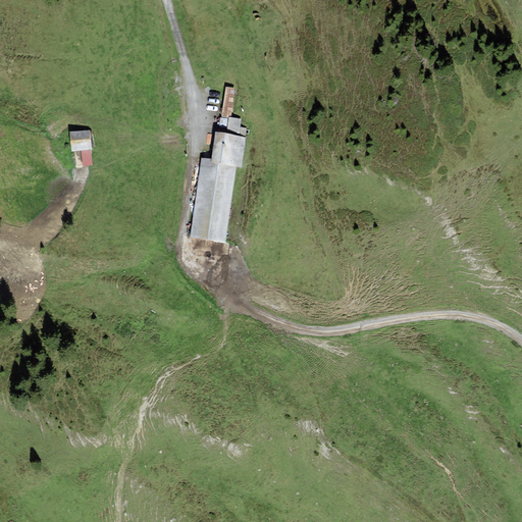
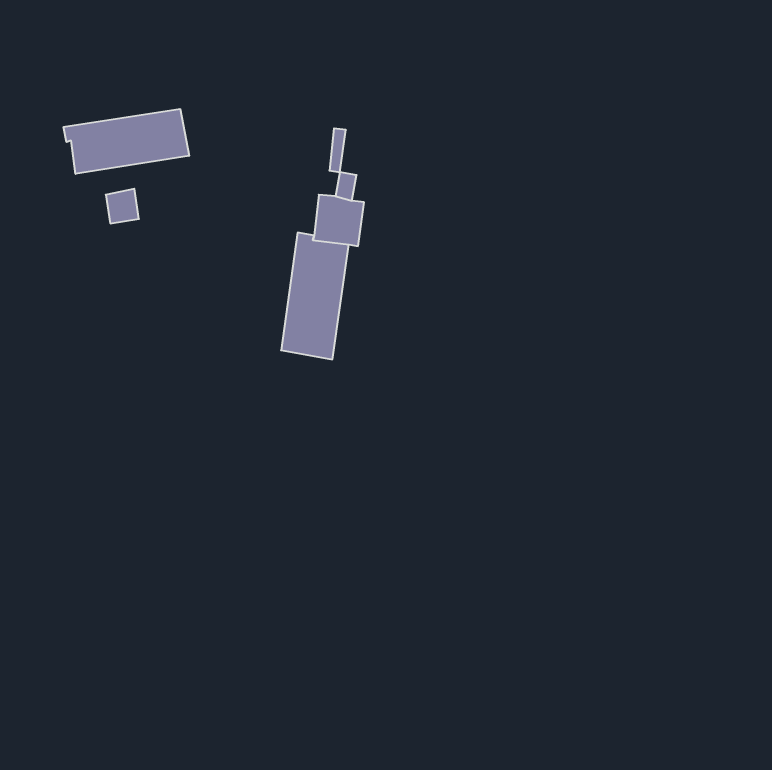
building: none -> [64,109,189,174]

